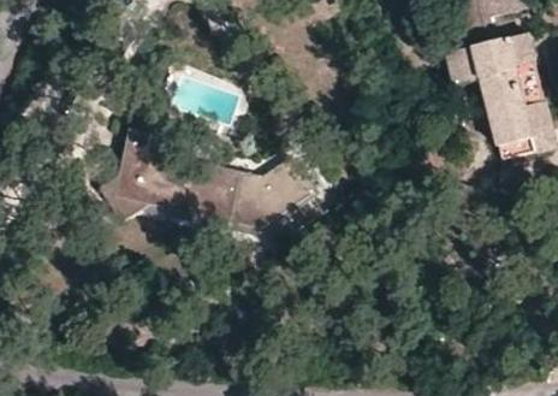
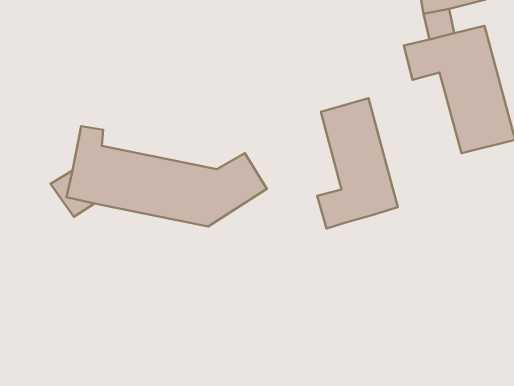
building: none -> [317,98,398,229]

